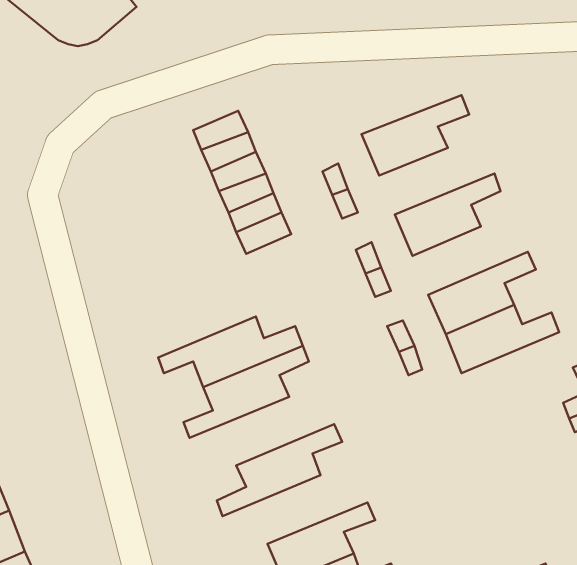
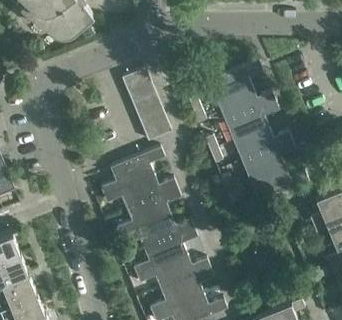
building: none -> [216,87,275,121]
building: none -> [233,127,292,162]
building: none -> [99,146,164,194]
building: none -> [119,214,193,249]
building: none -> [136,254,210,289]

